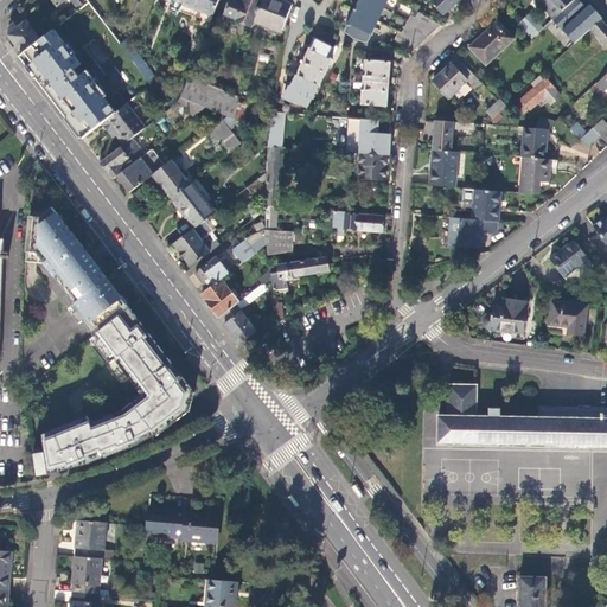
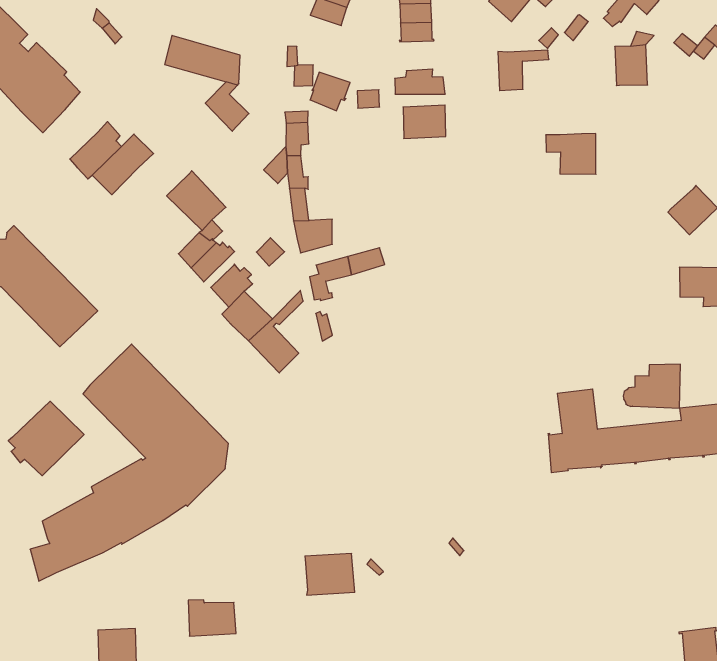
building: [286,75,318,106] -> [310,72,350,111]
building: [101,103,145,143] -> none
building: [429,149,456,186] -> none
building: [519,156,549,194] -> none
building: [151,160,189,198] -> none
building: [331,211,383,236] -> none
building: [448,217,497,248] -> none
building: [71,279,129,334] -> [8,401,84,476]
building: [481,296,528,332] -> [623,364,680,408]
building: [180,510,218,542] -> [305,554,355,595]

